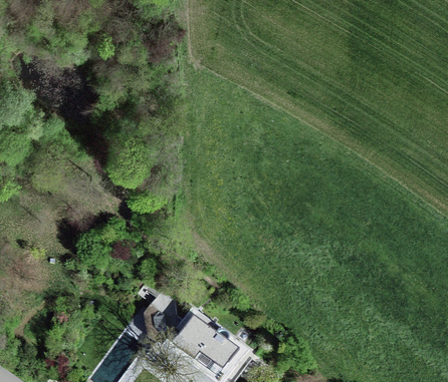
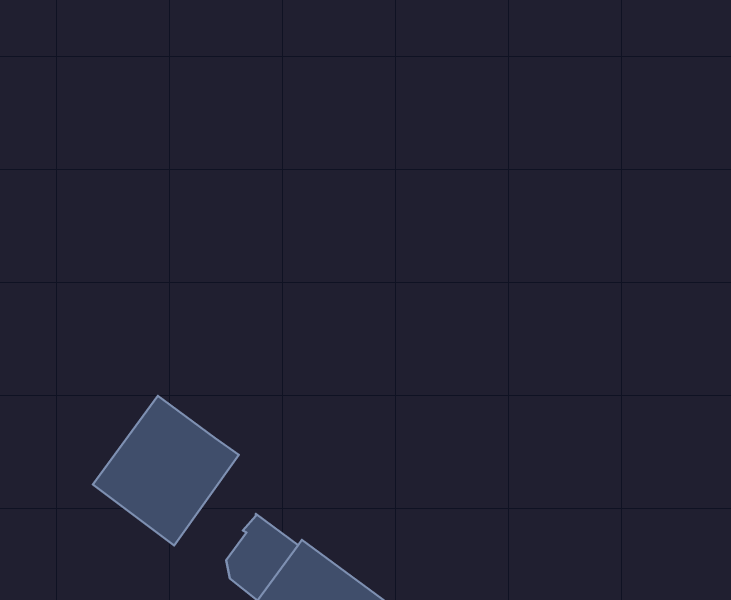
building: none -> [93,396,239,545]

